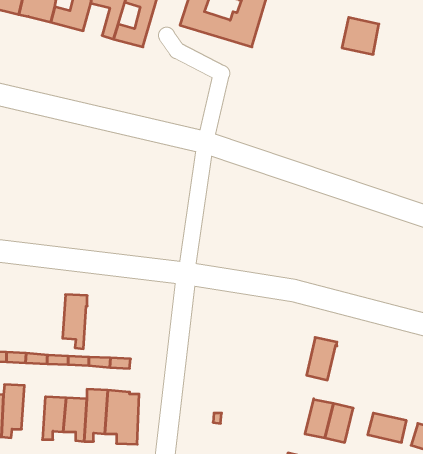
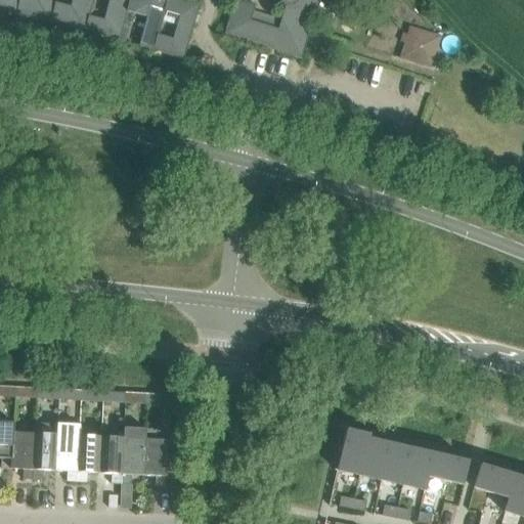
building: [63,295,87,349] -> [52,421,79,479]
building: [307,337,337,380] -> [336,427,368,473]
building: none -> [401,445,432,487]

